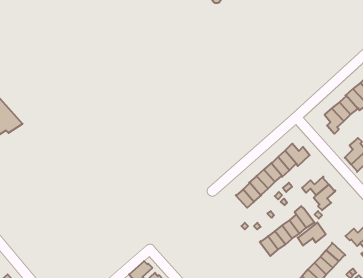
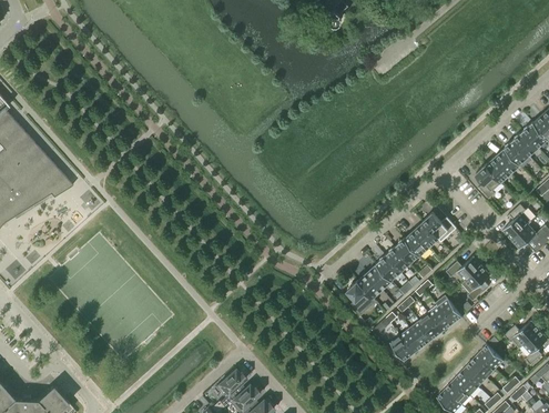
building: none -> [347,280,377,315]
building: [298,222,326,246] -> none

